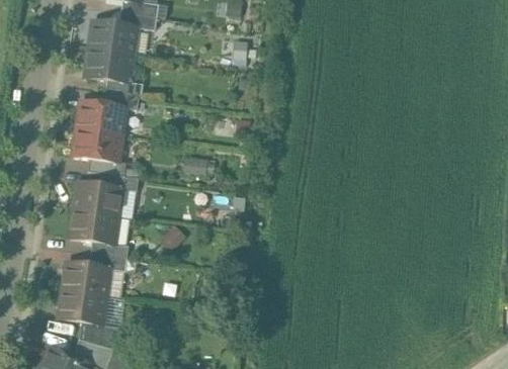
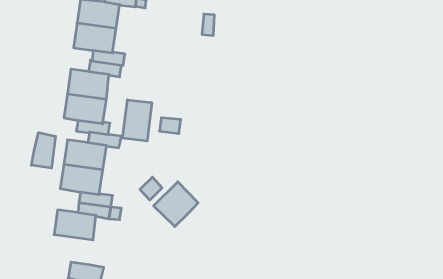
building: none -> [123,100,152,141]
building: none -> [31,133,56,168]
building: none -> [154,182,198,227]
building: [59,289,107,324] -> none

